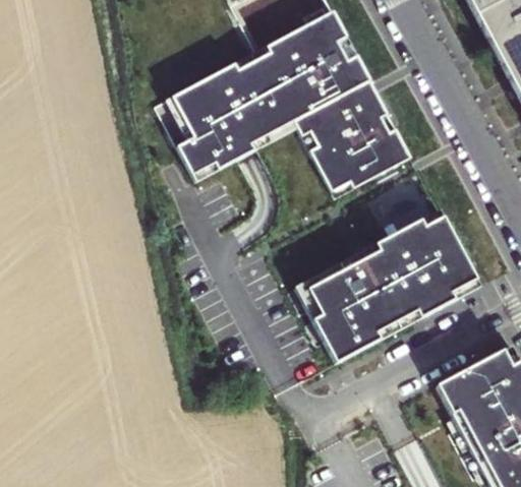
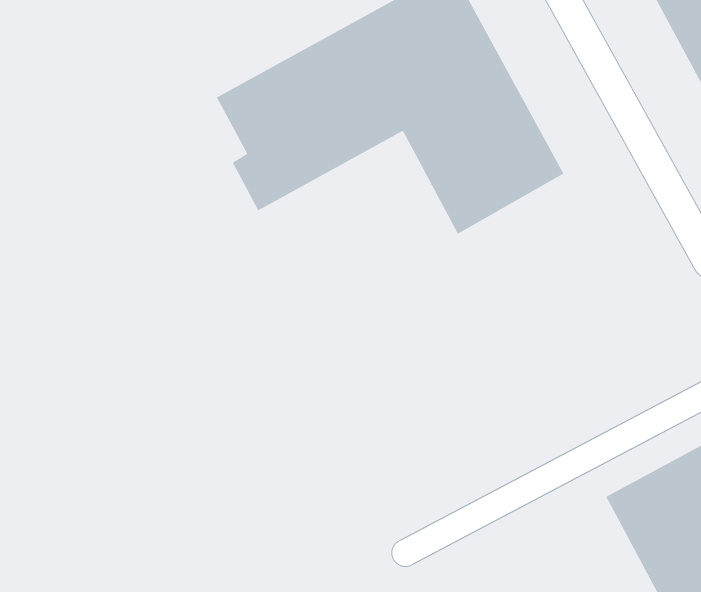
building: [300,206,483,359] -> none

